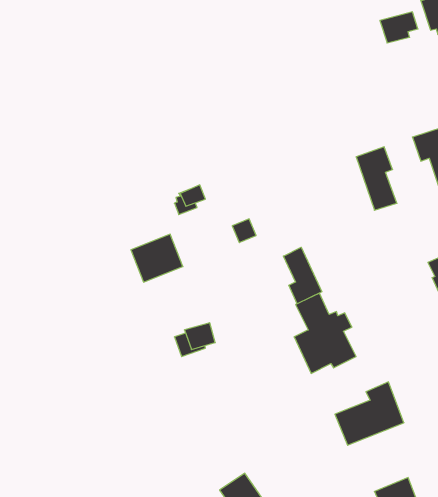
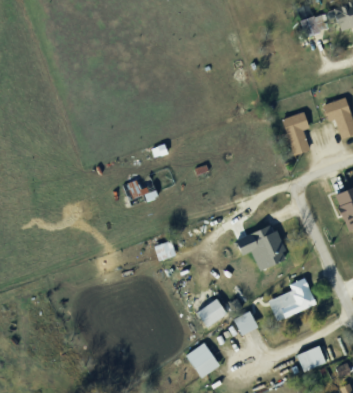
building: [283,247,322,304] -> none
building: none -> [197,298,228,328]
building: none -> [234,309,259,335]

